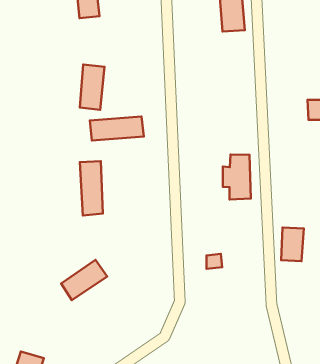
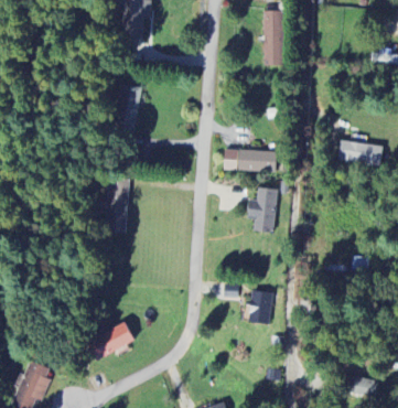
building: [90,116,144,141] -> [224,149,276,170]
building: [281,227,304,261] -> [248,289,273,324]
building: [61,260,107,300] -> [87,322,133,359]

